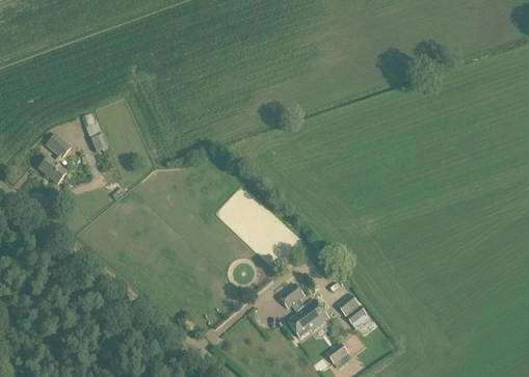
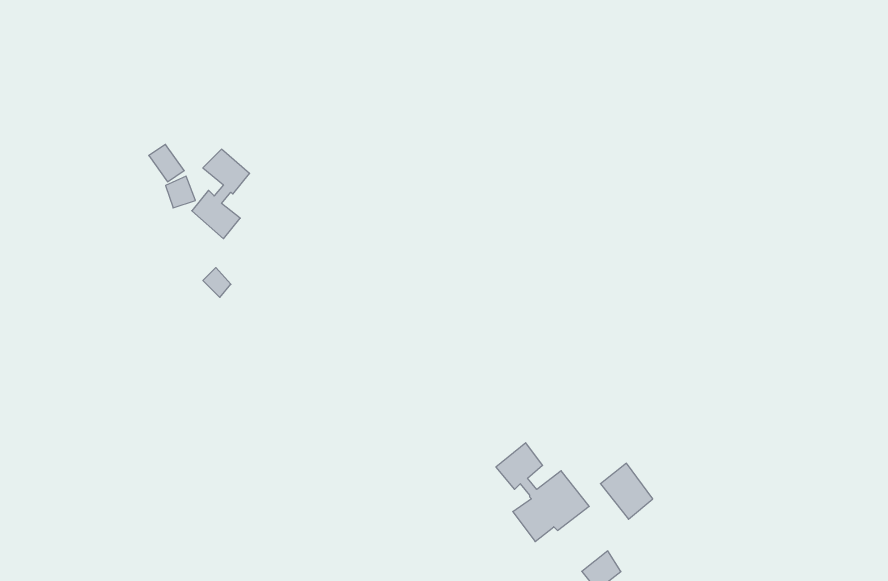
building: [38,134,71,184] -> [192,149,250,239]

